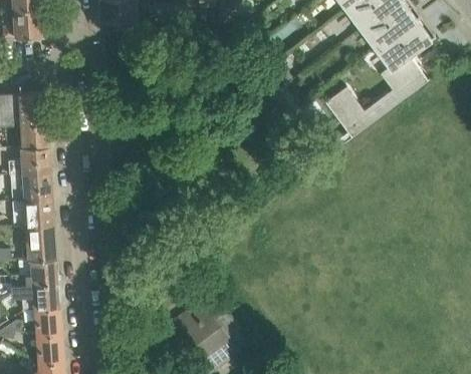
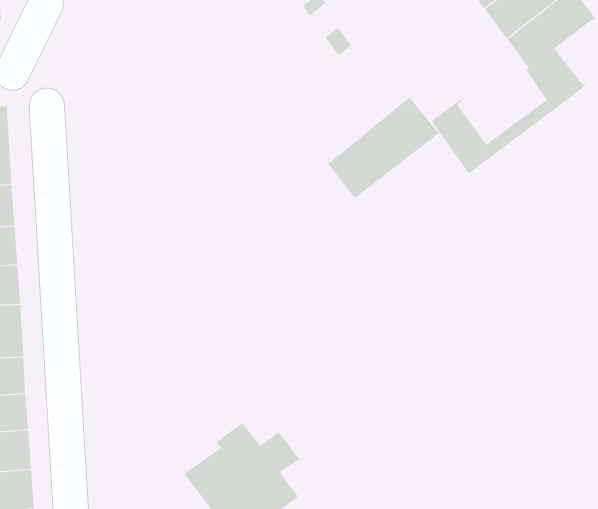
building: none -> [327,97,440,200]

